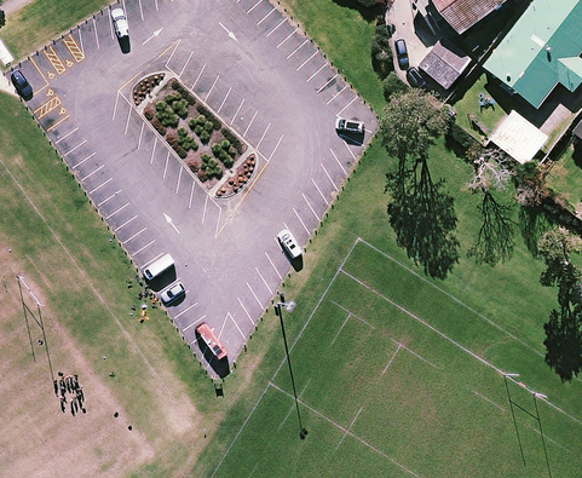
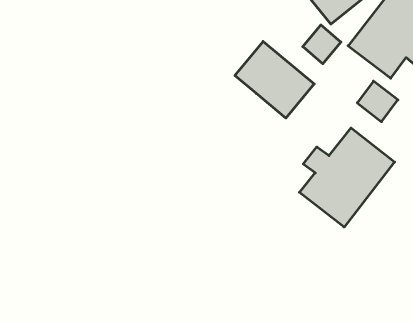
building: none -> [235,41,314,118]
building: none -> [299,128,395,227]

